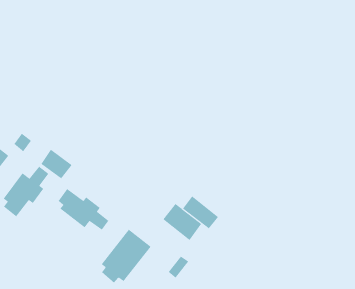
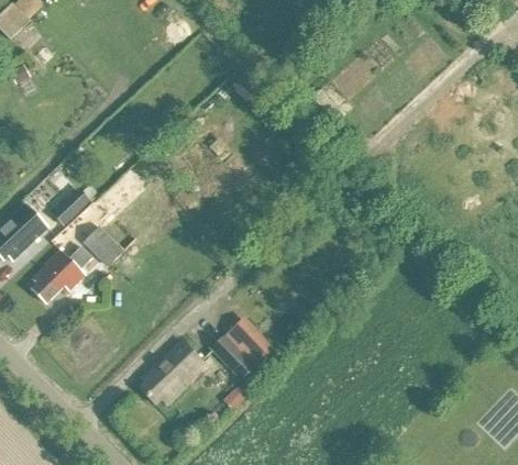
building: [58,188,109,231] -> none
building: [182,195,219,229] -> [212,333,256,378]

